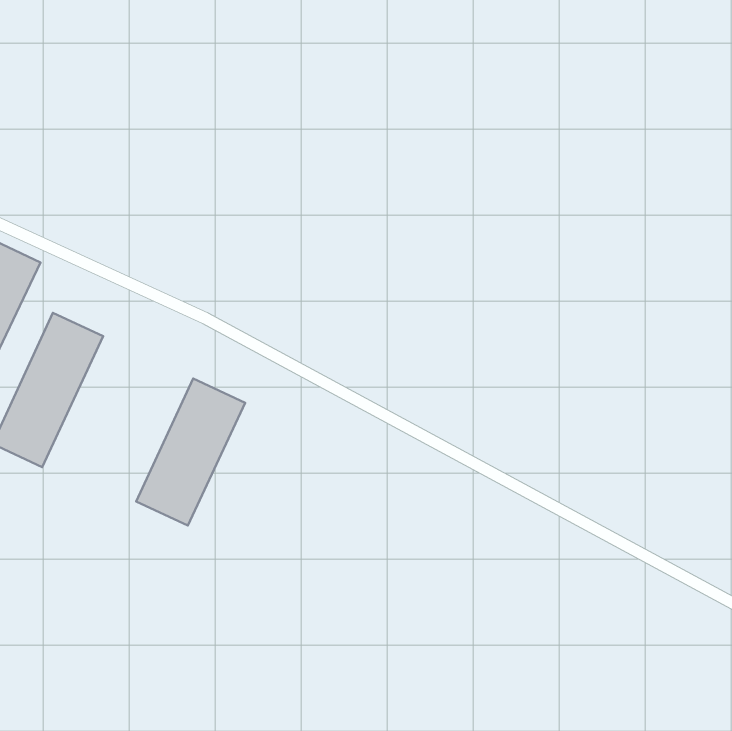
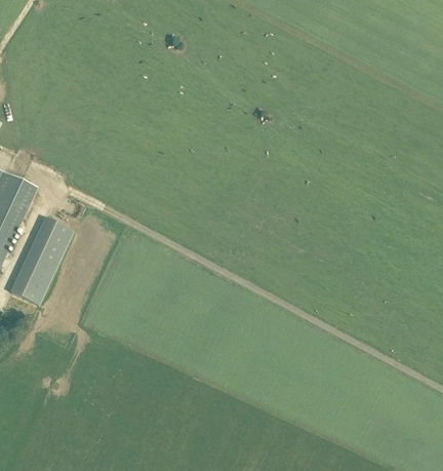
building: [136,379,245,526] -> none

